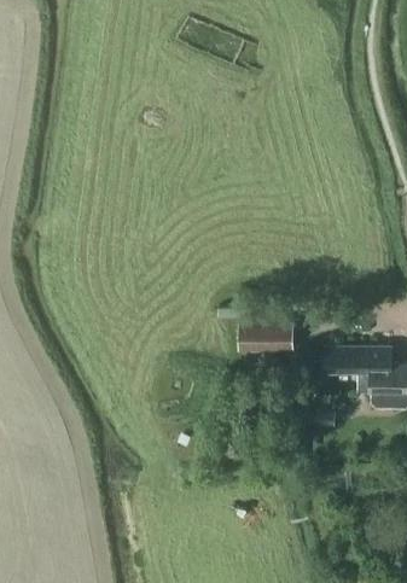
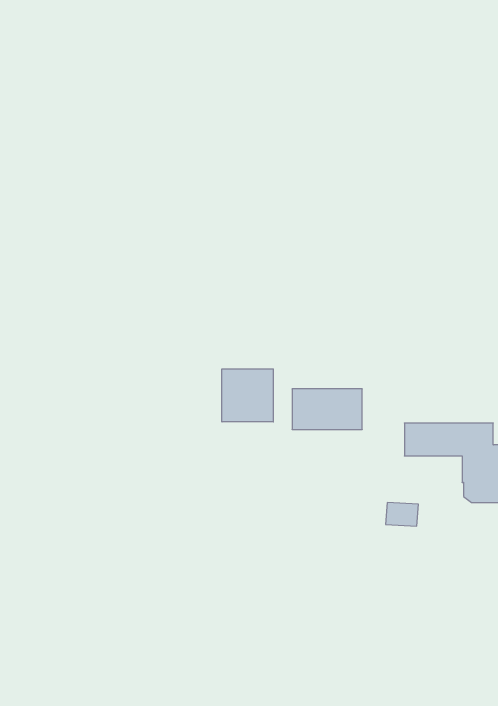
building: none -> [222,369,273,422]

